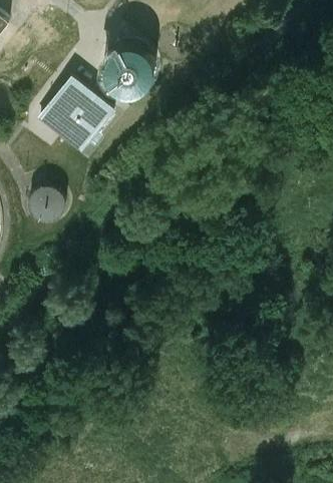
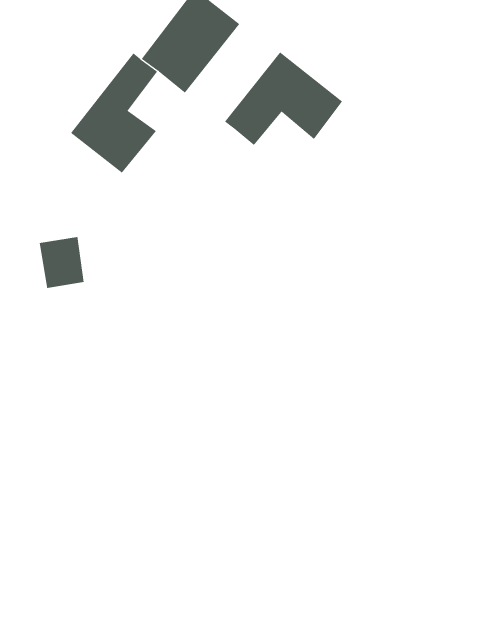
building: none -> [224,51,343,146]
building: [88,80,124,118] -> none

